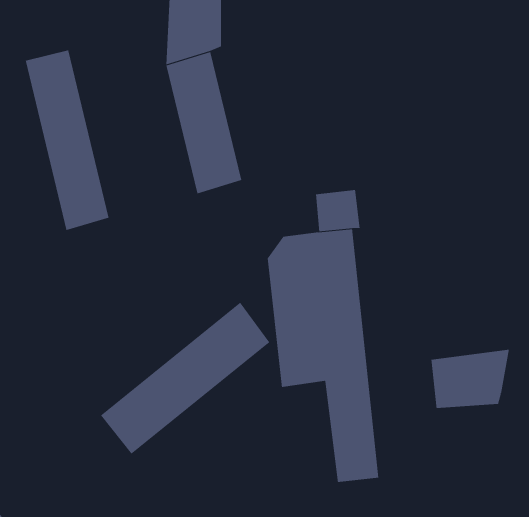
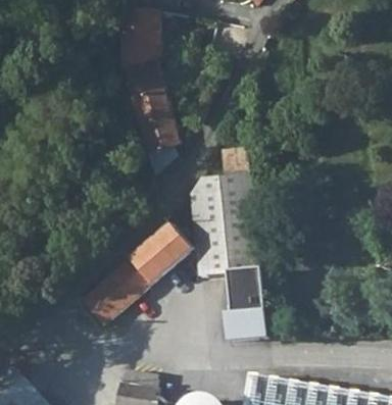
building: [25,49,109,231] -> none
building: [431,349,510,409] -> none

